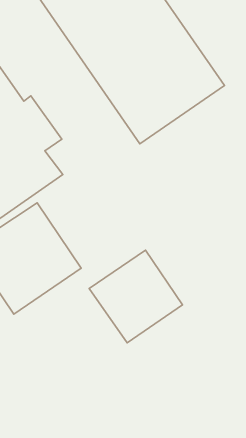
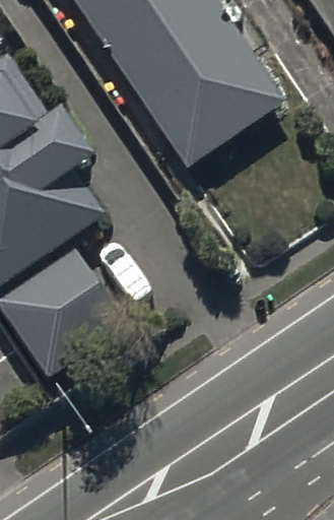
building: [89,250,183,343] -> none

